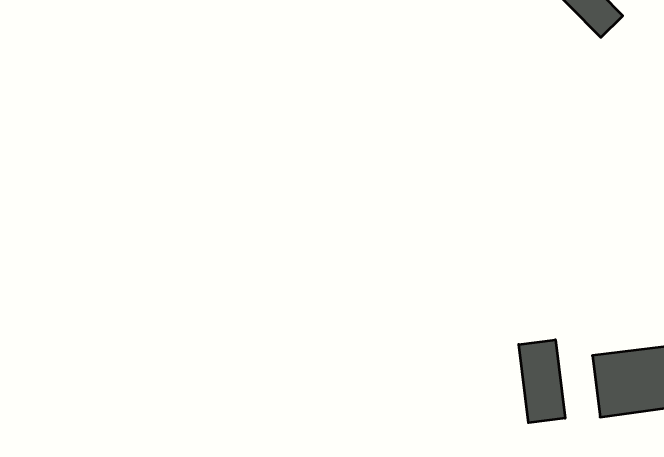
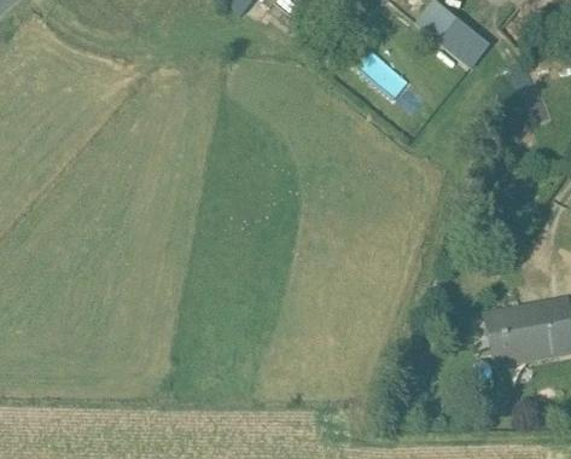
building: [519,340,565,423] -> none

